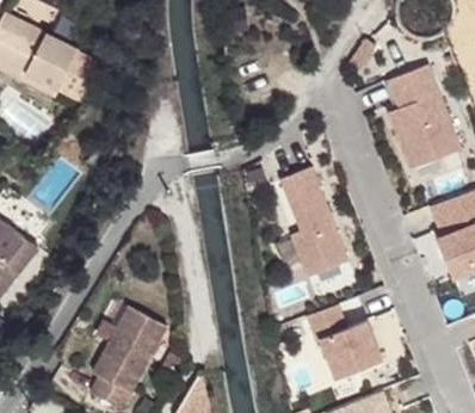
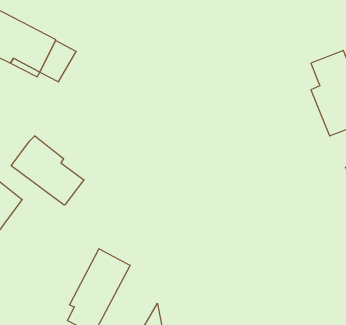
building: [278,167,346,277] -> none
building: none -> [11,136,84,205]
building: [306,304,382,380] -> none

